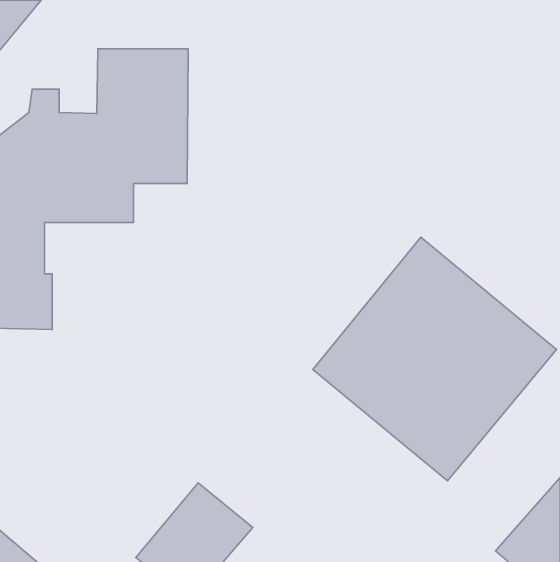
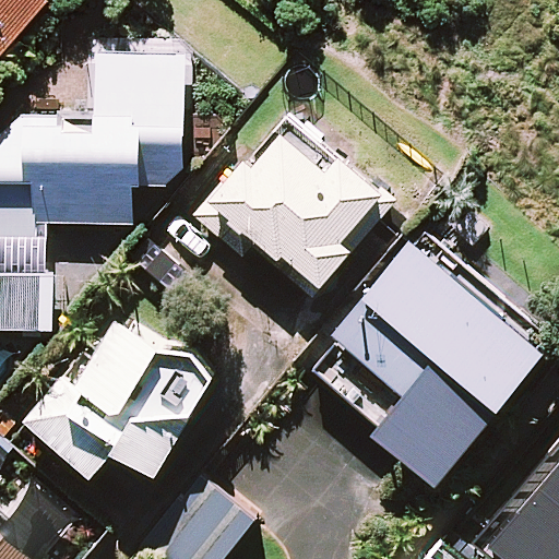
building: none -> [199,128,389,304]
building: none -> [27,307,218,471]

